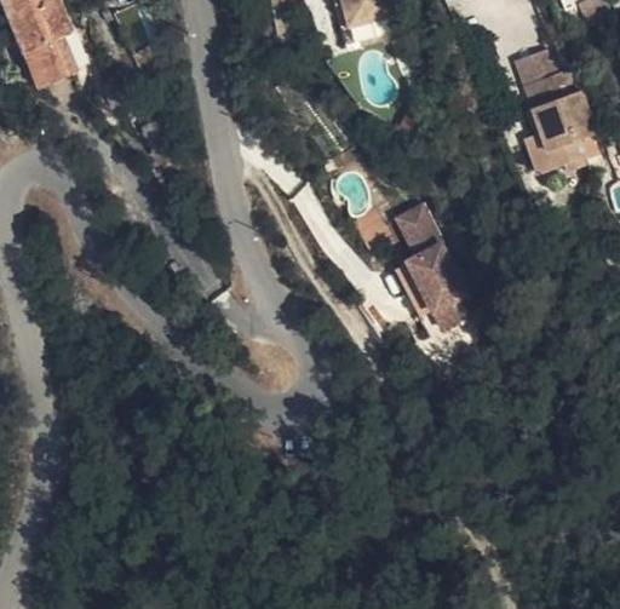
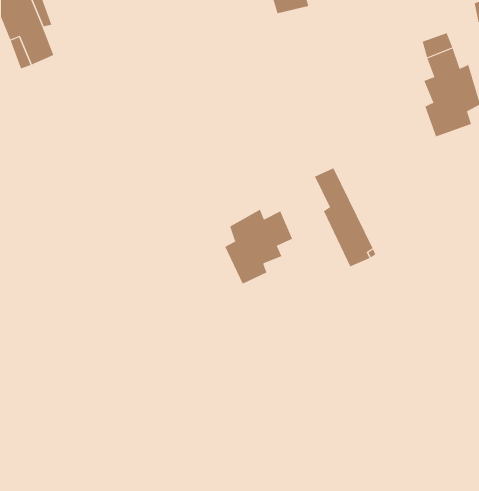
building: none -> [225,209,293,284]

